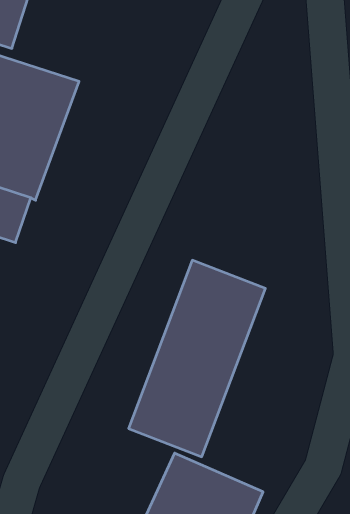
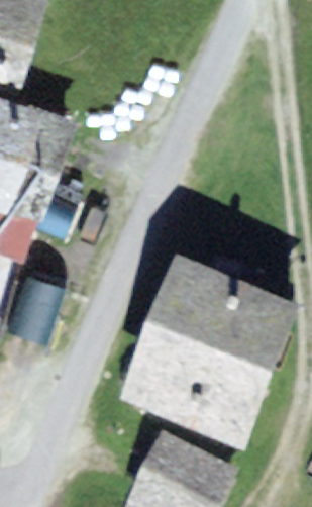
building: none -> [179,297,296,465]

